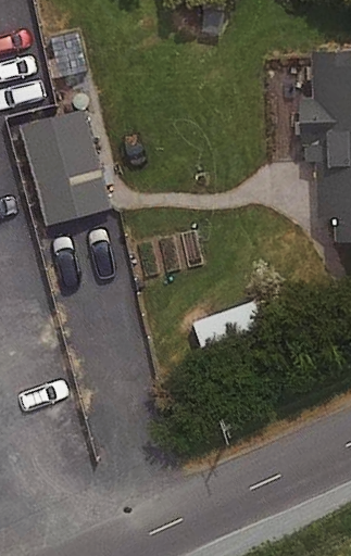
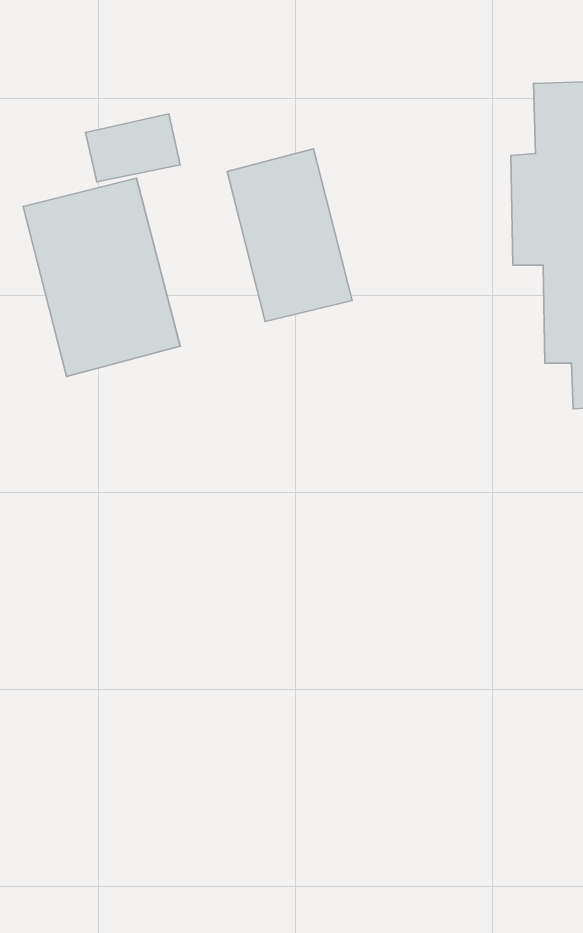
building: none -> [227,149,352,321]

